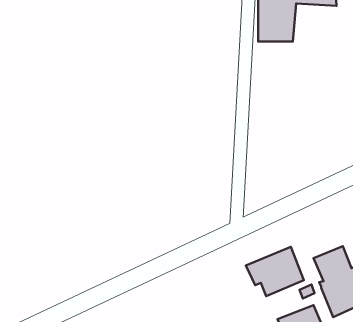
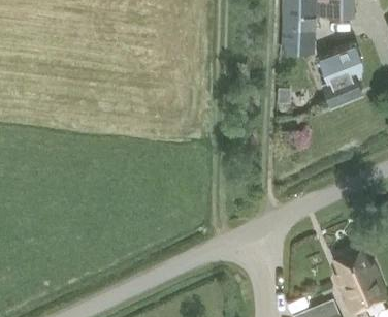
building: none -> [320,43,363,101]
building: [246,247,304,296] -> none

